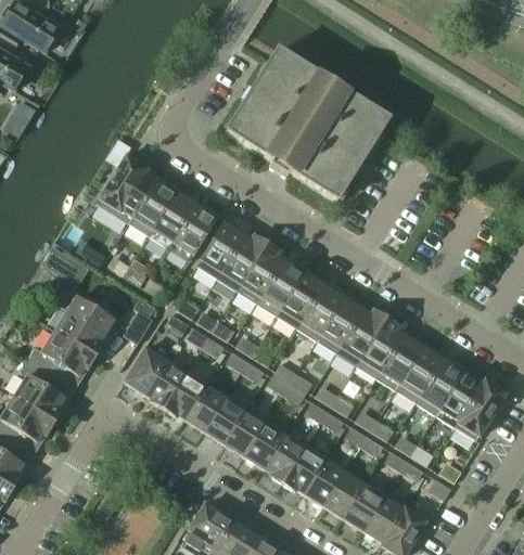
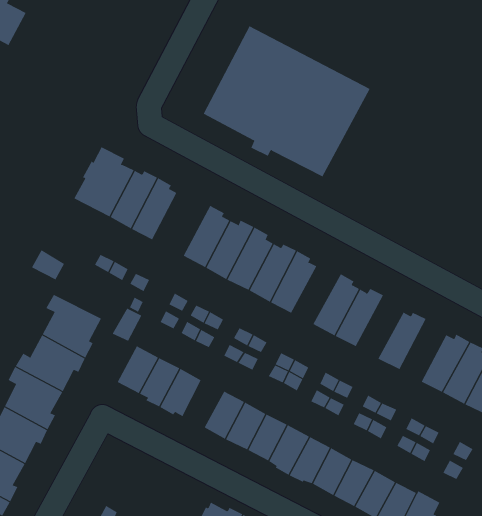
building: [168,205,218,261] -> none
building: [296,285,346,340] -> none
building: [356,318,404,378] -> none
building: [396,344,443,403] -> none
building: [184,386,226,431] -> none

